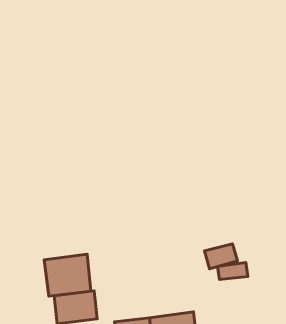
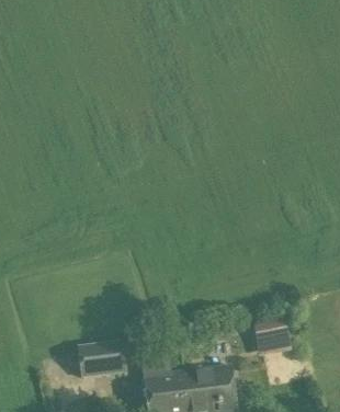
building: [204,244,237,269] -> [254,327,291,354]
building: [44,254,91,296] -> none

